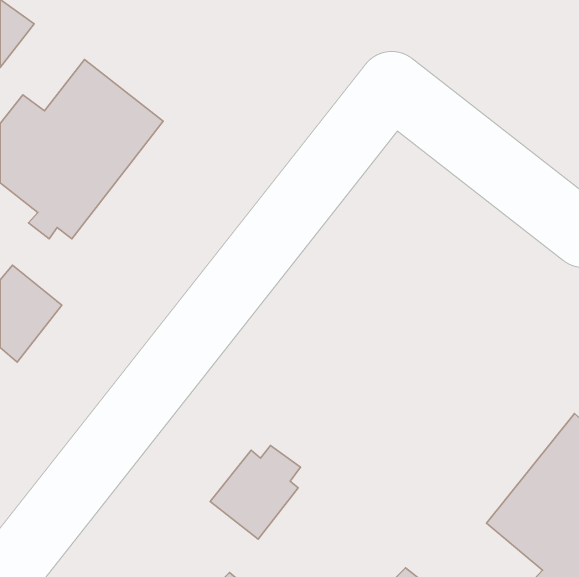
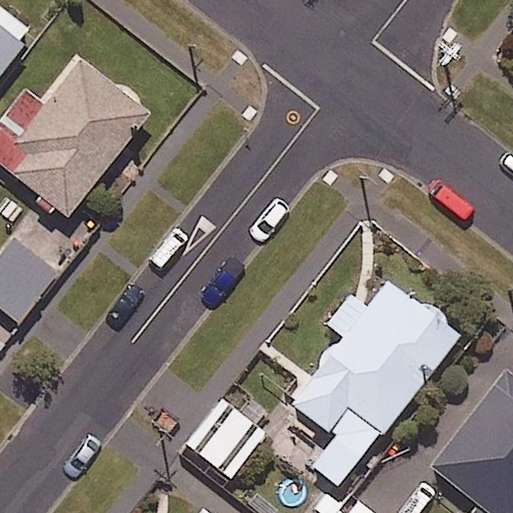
building: none -> [292,281,458,487]

